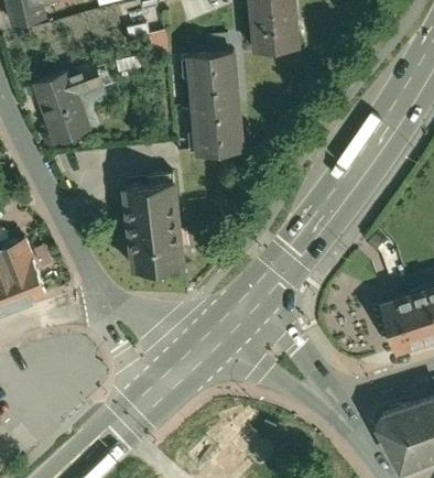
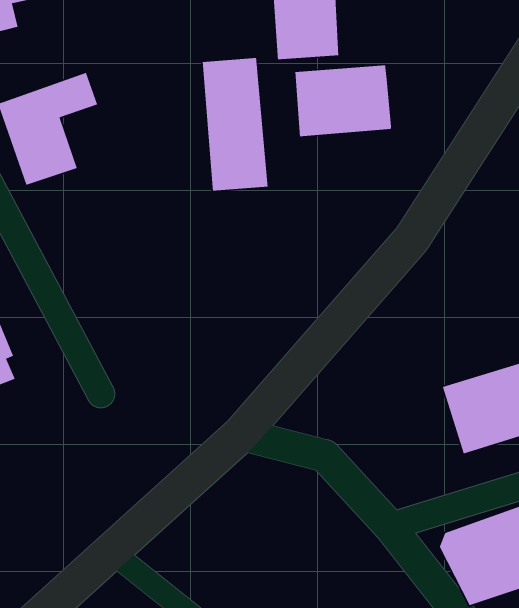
building: none -> [295,64,392,137]
building: [127,180,187,271] -> none

